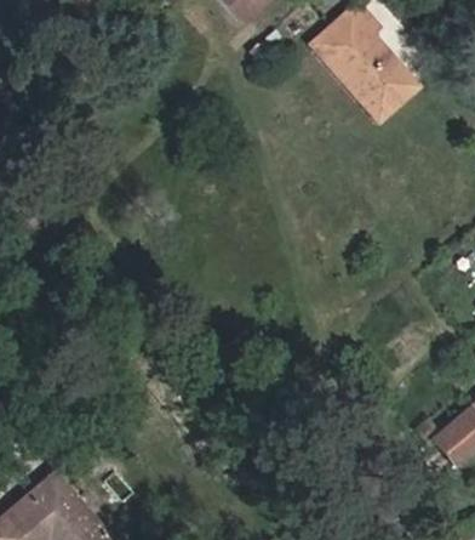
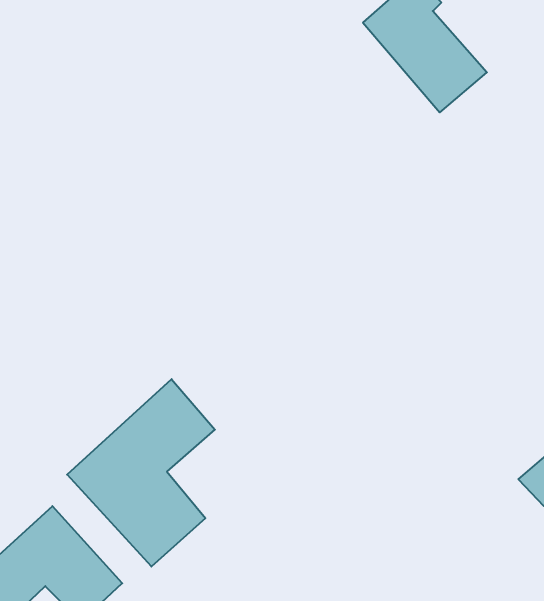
building: none -> [67,379,215,567]

